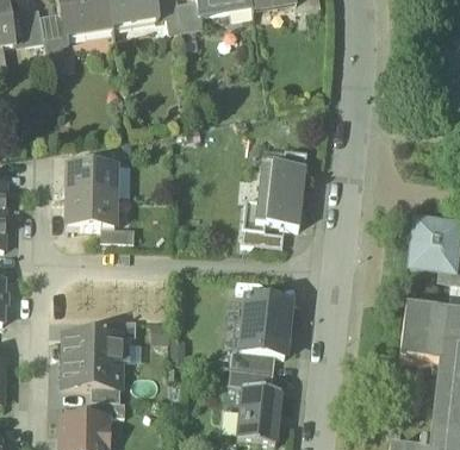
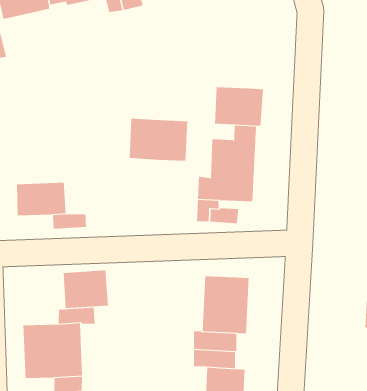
building: none -> [215,87,263,126]
building: none -> [129,118,188,161]
building: [67,161,116,193] -> none
building: none -> [63,270,109,309]

